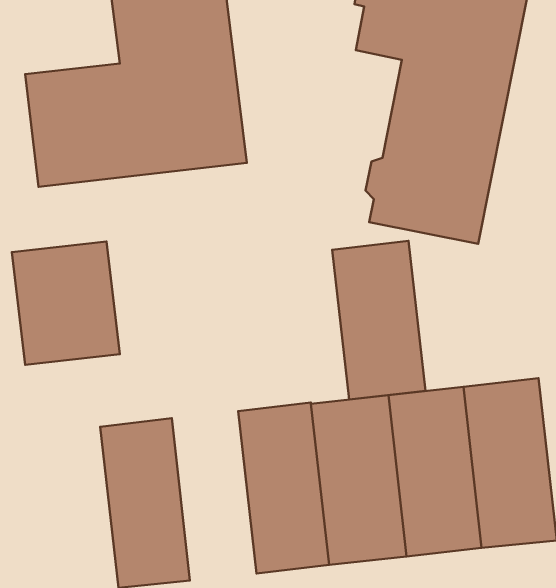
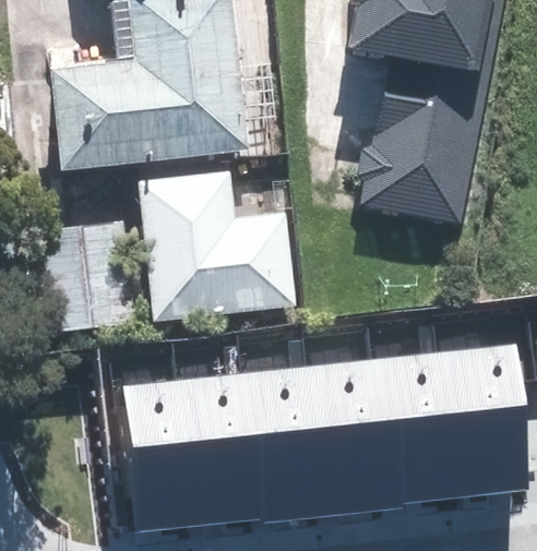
building: none -> [136,170,297,321]
building: [332,241,425,400] -> none
building: none -> [182,373,259,526]

